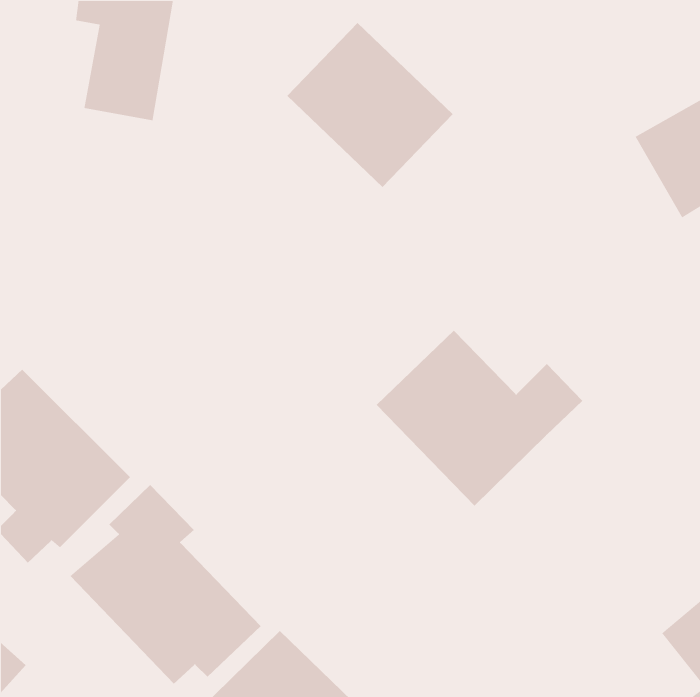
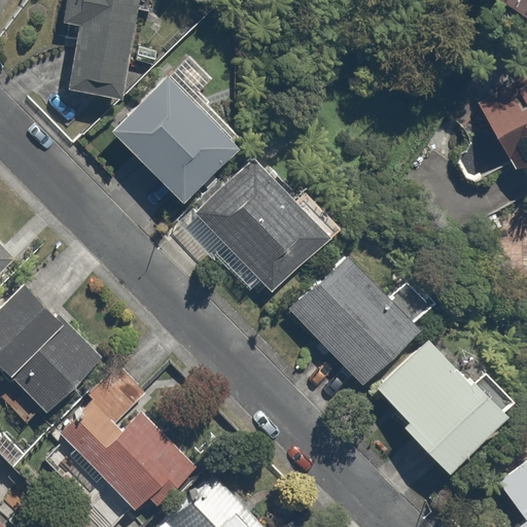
building: [287,22,454,188] -> [112,76,236,199]
building: none -> [194,157,331,296]
building: none -> [381,340,506,468]

